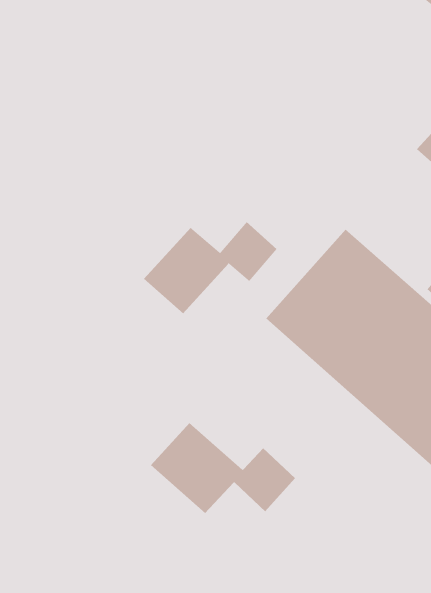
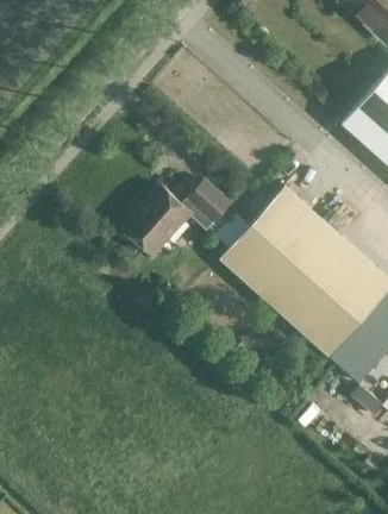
building: [150,422,296,514] -> none

